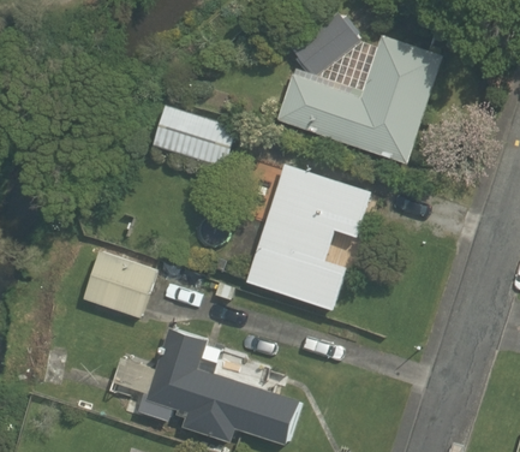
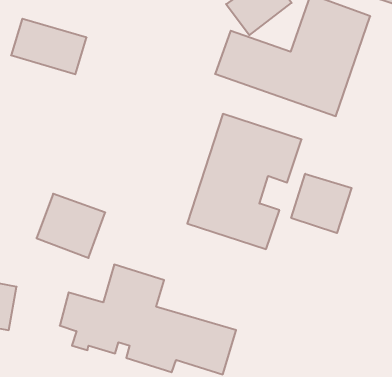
building: [154,107,235,167] -> [11,19,87,74]
building: none -> [291,174,352,233]

